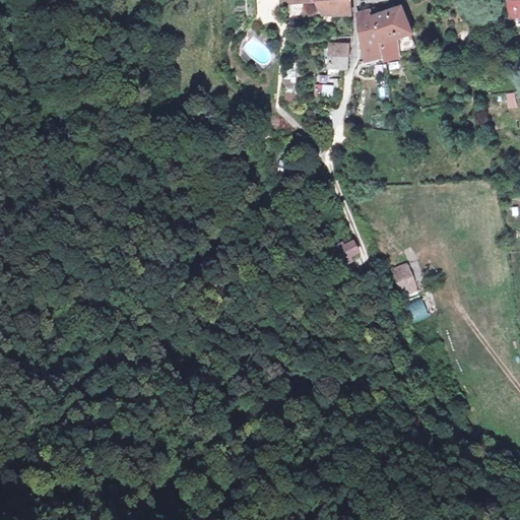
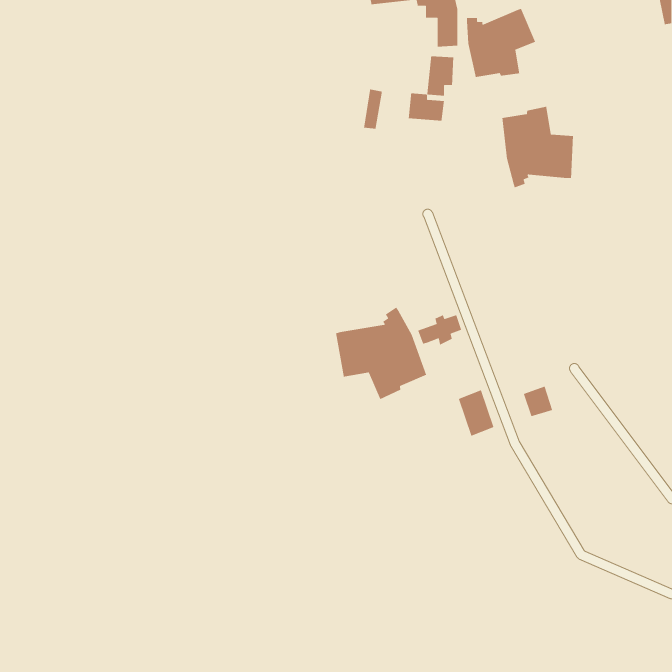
building: none -> [501,106,574,189]
building: none -> [335,306,427,400]
building: [388,259,416,296] -> [458,389,495,437]

